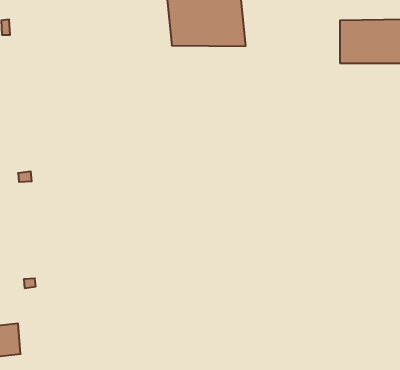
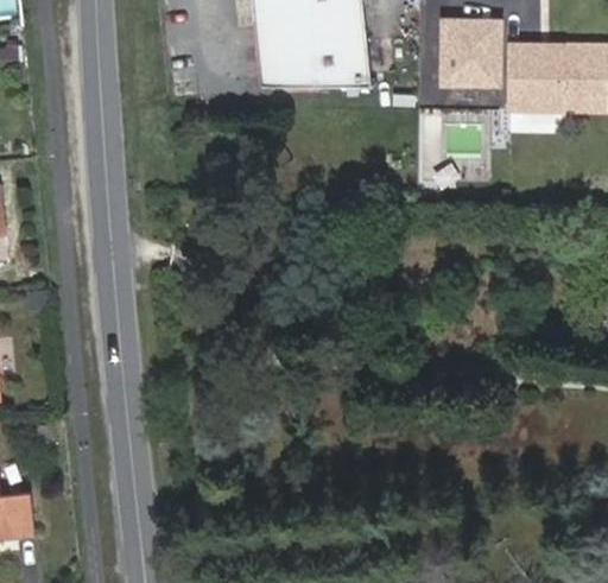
building: none -> [441,20,496,83]

